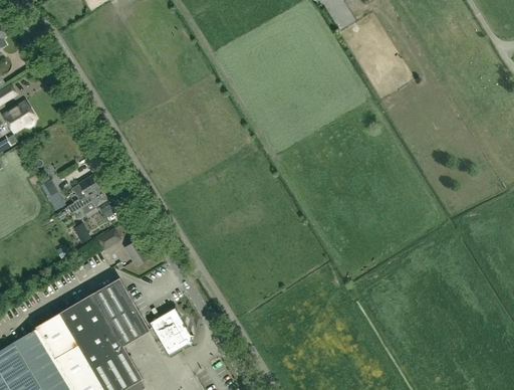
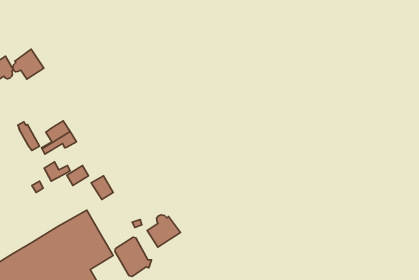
building: none -> [13,49,44,79]
building: none -> [147,215,180,247]

